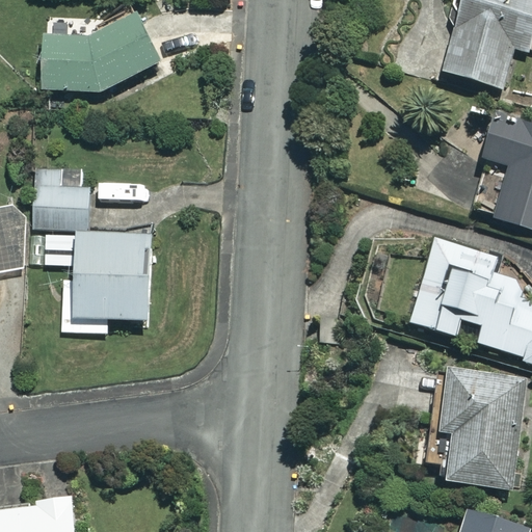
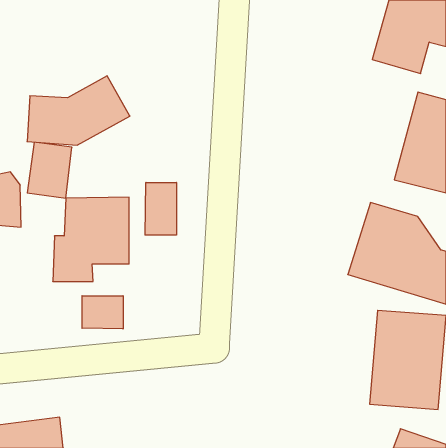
building: [42,11,163,94] -> [27,76,130,145]
building: none -> [145,182,176,235]
building: none -> [82,296,123,329]

